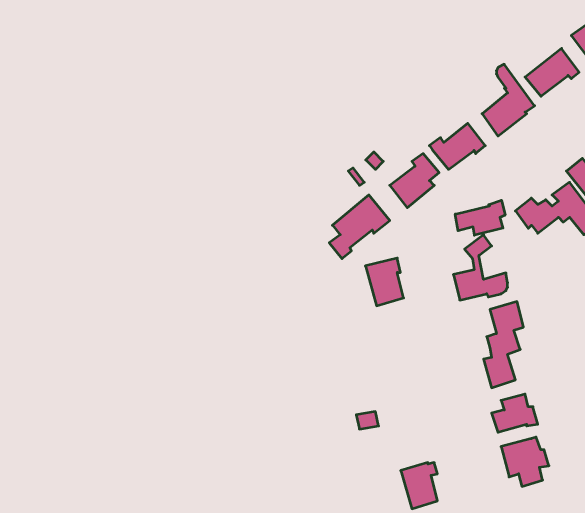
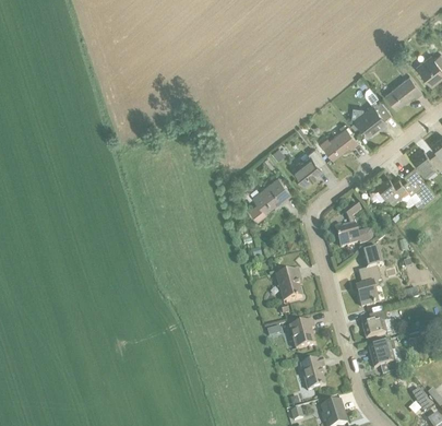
building: [455,200,505,235] -> none
building: [365,258,404,306] -> [274,269,300,301]
building: none -> [288,320,312,348]

